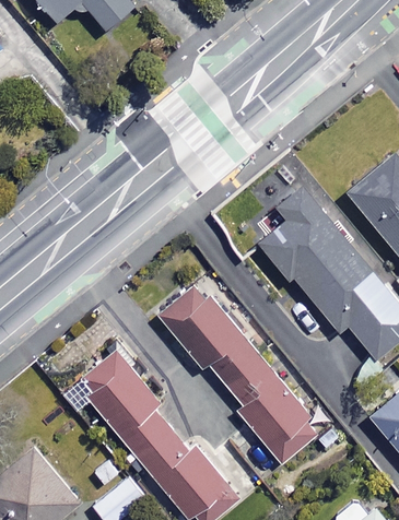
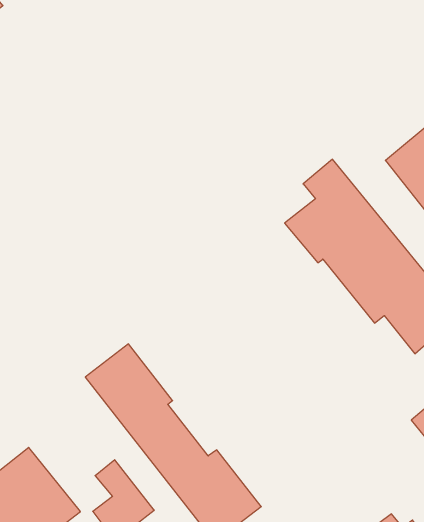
building: [161,287,319,466] -> none

